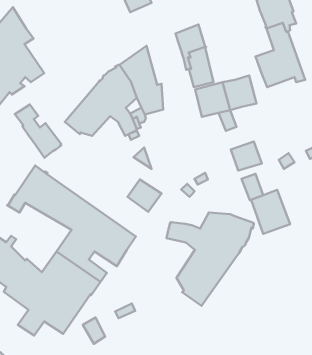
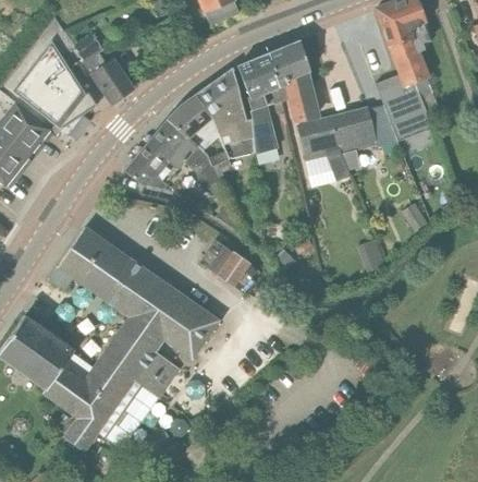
building: none -> [236,52,283,153]
building: none -> [366,105,397,146]
building: [15,104,61,158] -> [72,33,133,104]
building: [231,142,262,171] -> none
building: [251,190,290,234] -> none
building: [167,212,254,306] -> none

